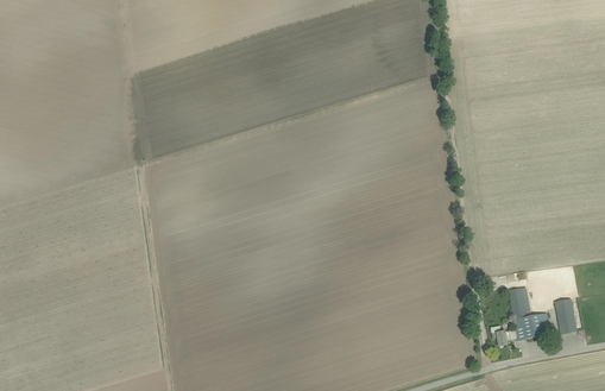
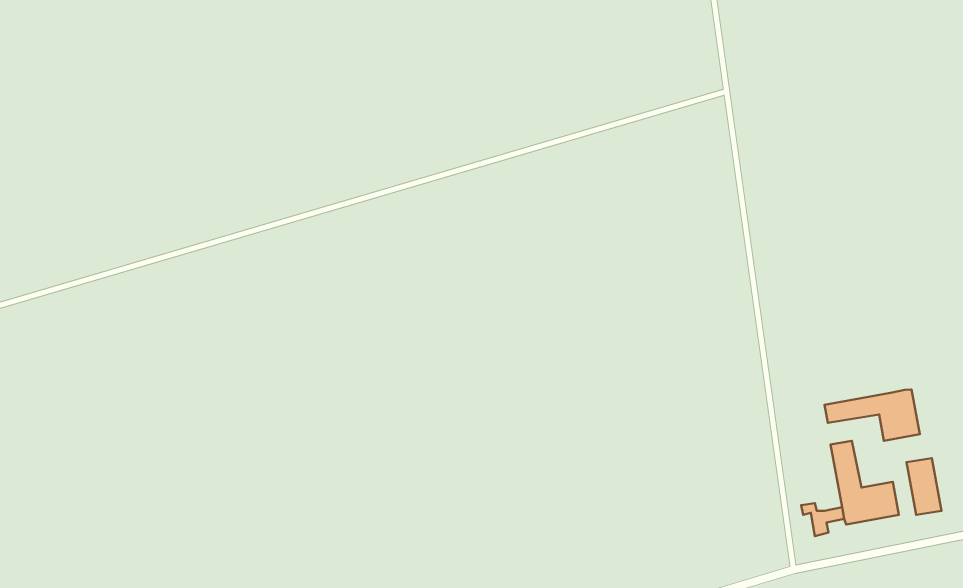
building: none -> [825,389,920,441]

